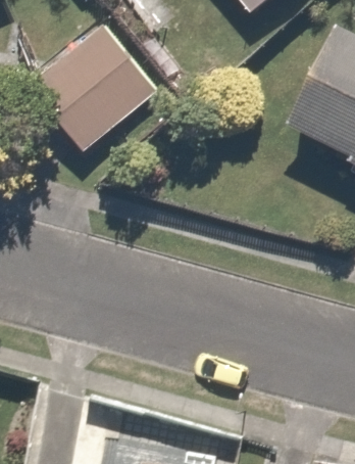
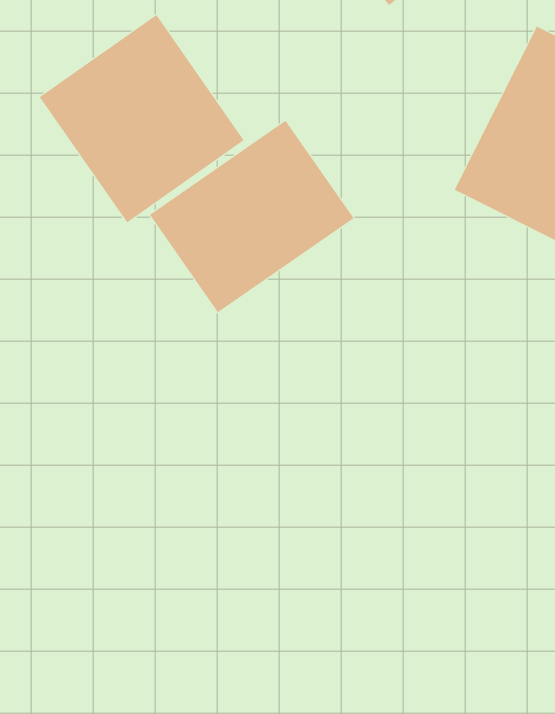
building: none -> [149,120,355,313]

